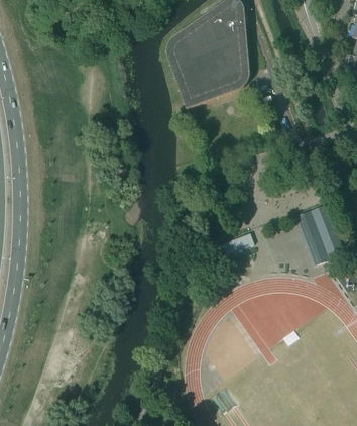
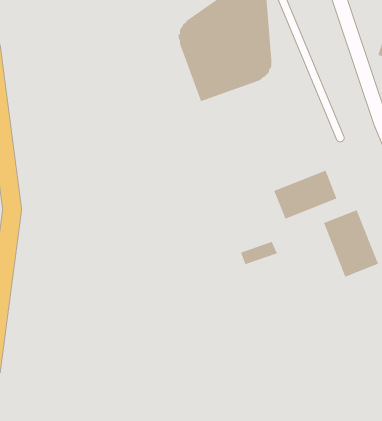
building: none -> [274,170,337,220]

